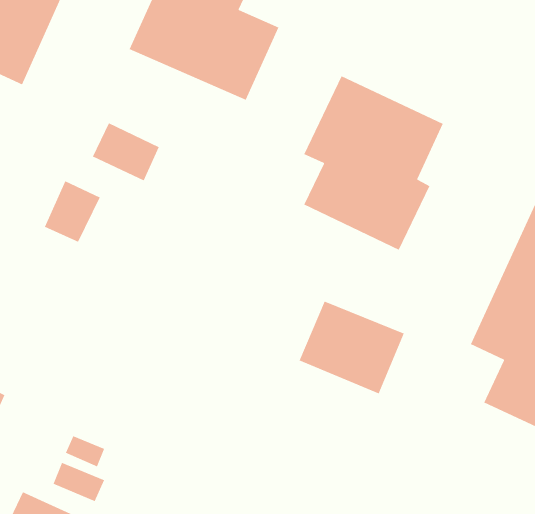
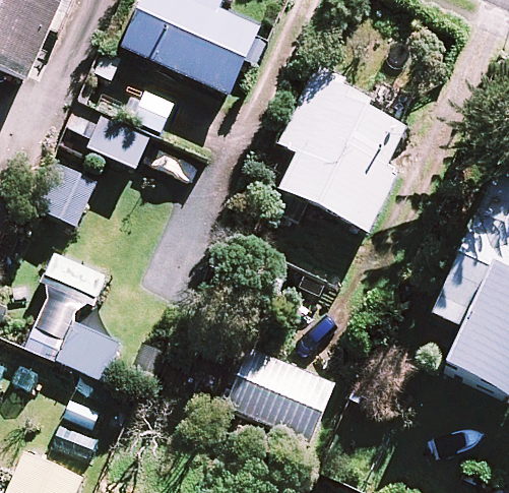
building: none -> [26,247,117,379]
building: [299,301,405,395] -> [227,350,323,435]

